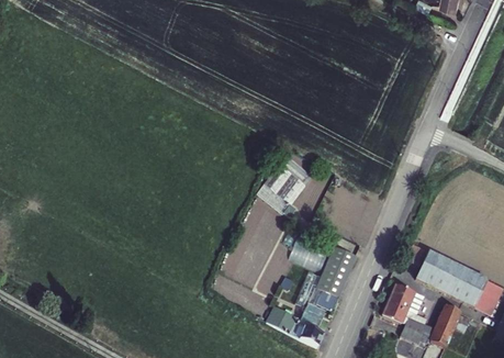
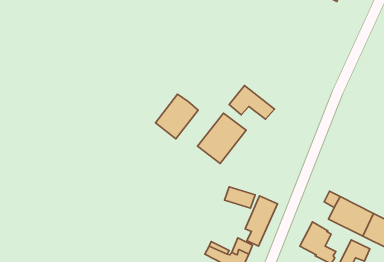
building: none -> [229,85,274,119]
building: none -> [156,94,198,139]

